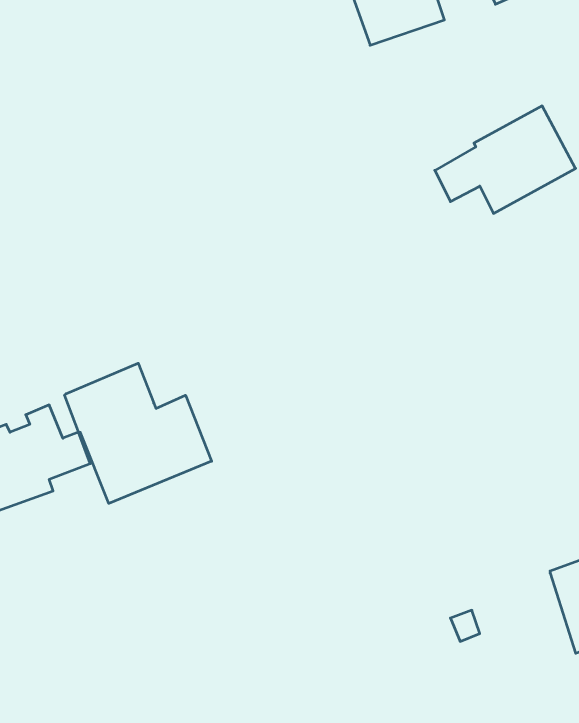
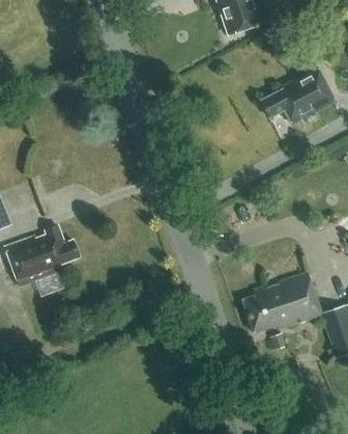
building: [65,363,212,503] -> none
building: none -> [243,271,322,330]

